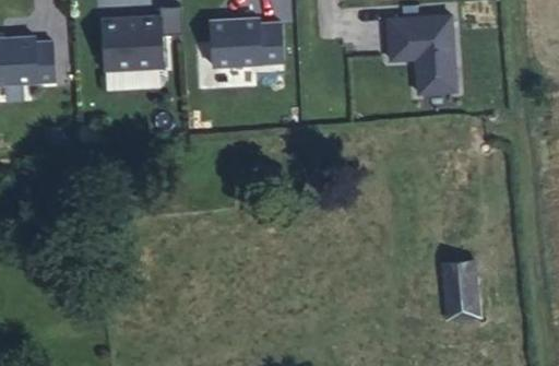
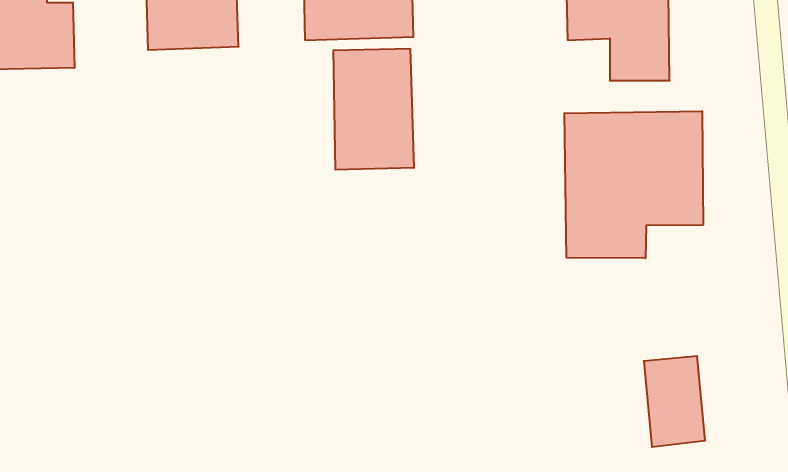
building: none -> [333,49,414,170]
building: none -> [565,111,703,258]

